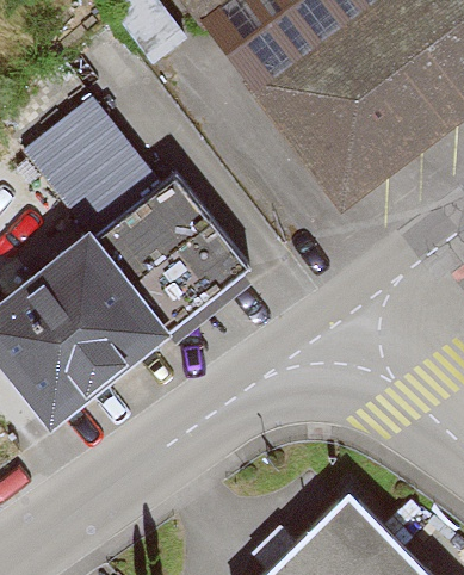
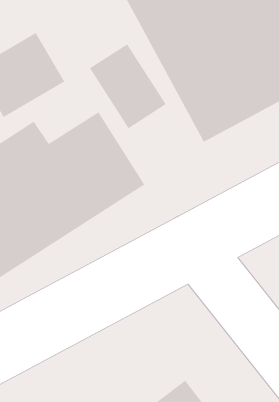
building: none -> [89,43,166,129]

